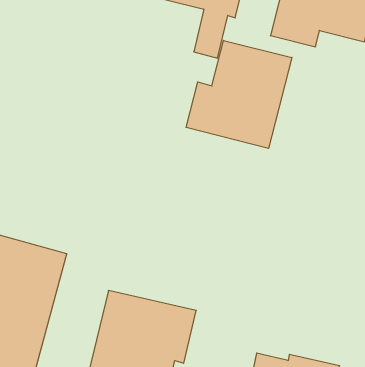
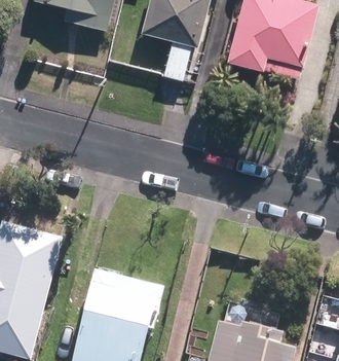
building: [186,40,292,148] -> none

